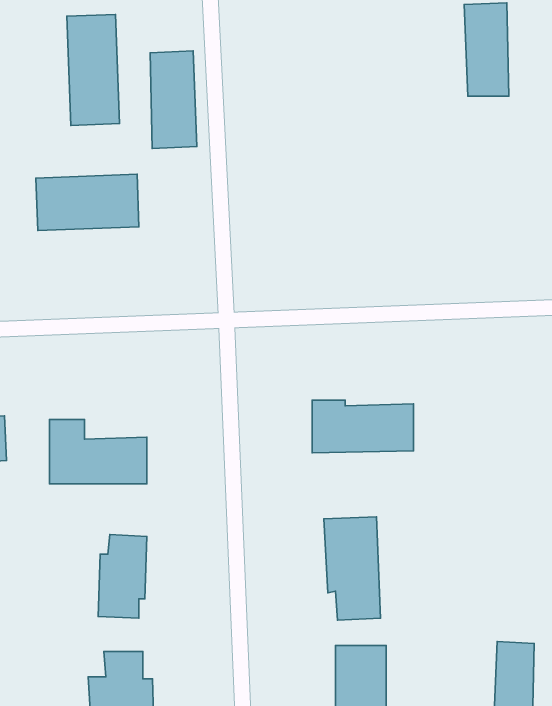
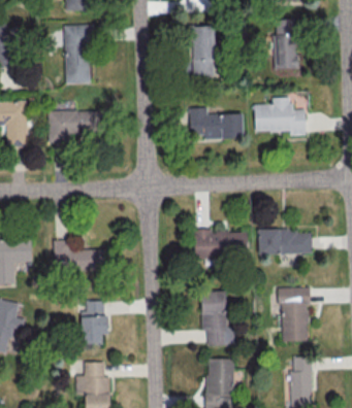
building: [150,51,197,148] -> [191,25,216,76]
building: none -> [254,97,306,135]
building: none -> [189,107,244,139]
building: none -> [258,229,312,254]
building: none -> [278,286,310,341]

